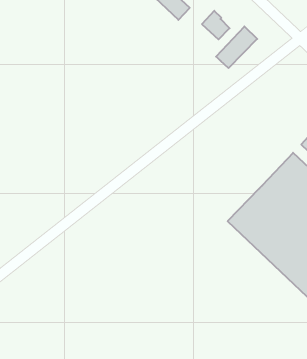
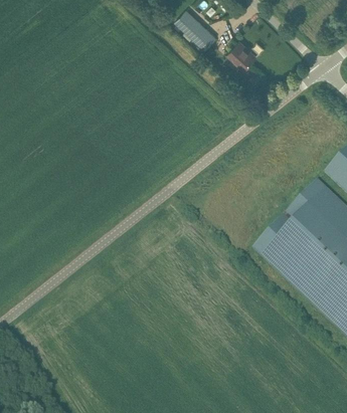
building: [216,26,257,68] -> none

